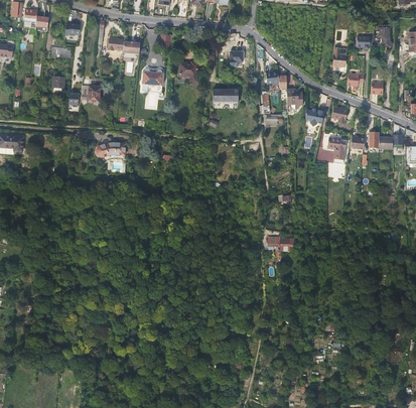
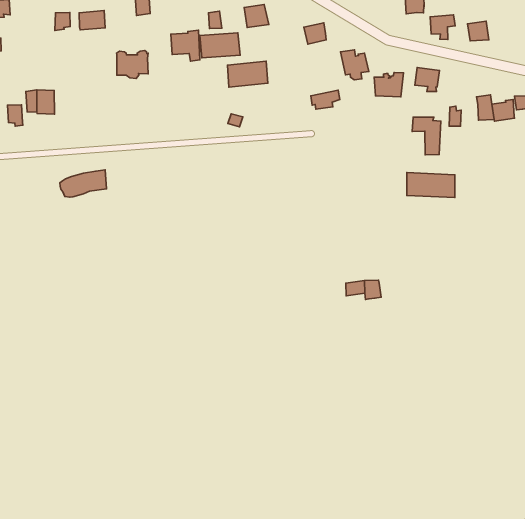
building: none -> [200,33,240,58]
building: none -> [407,173,455,198]

